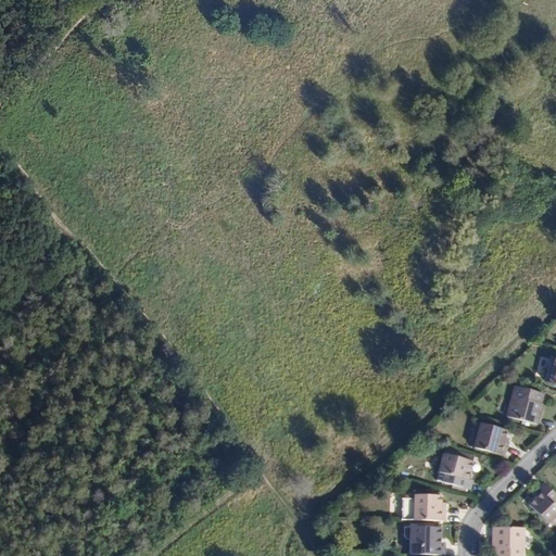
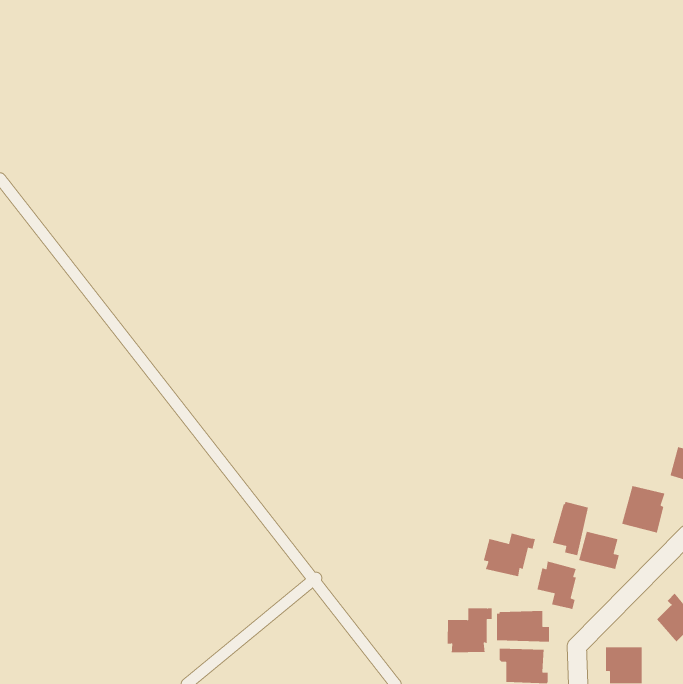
building: none -> [552,501,589,556]
building: none -> [483,532,536,577]
building: none -> [447,607,492,653]

